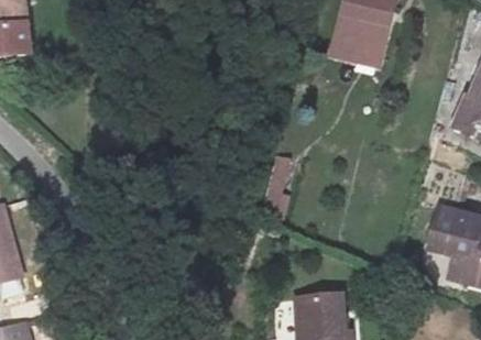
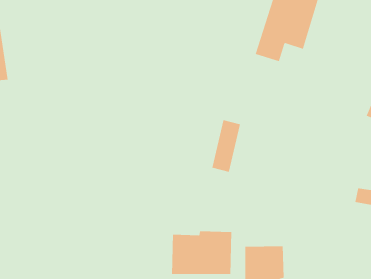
building: none -> [172,231,232,275]

